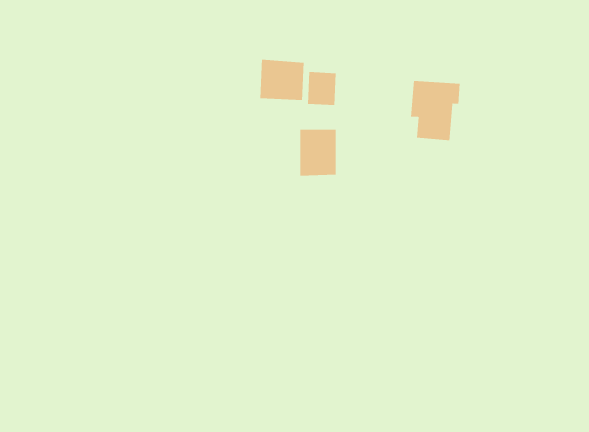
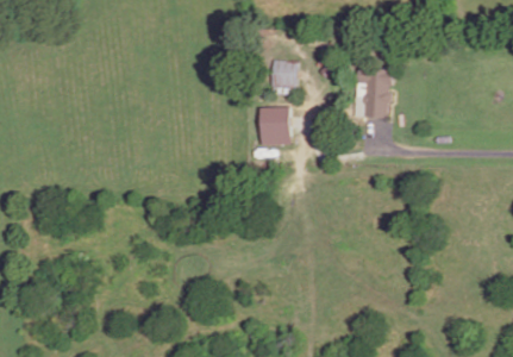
building: [260,59,304,101] -> none

